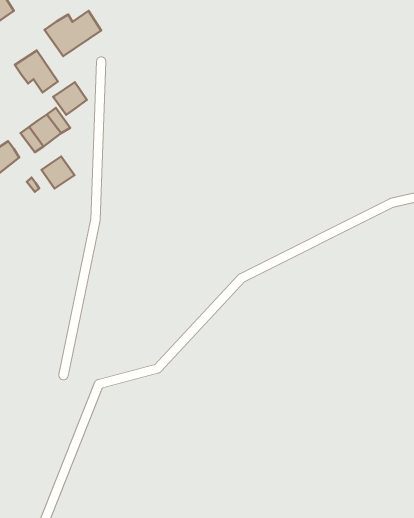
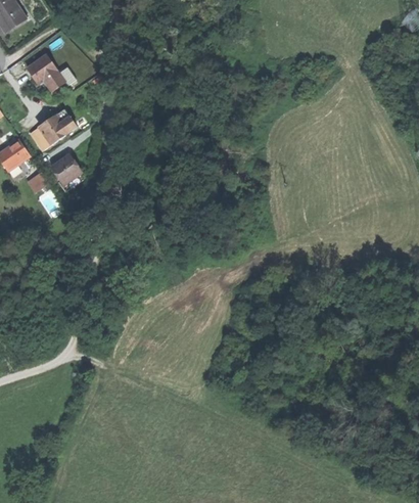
building: [44,11,101,56] -> none
building: [53,82,87,115] -> none

